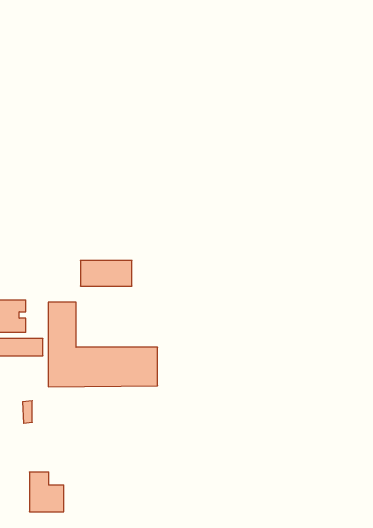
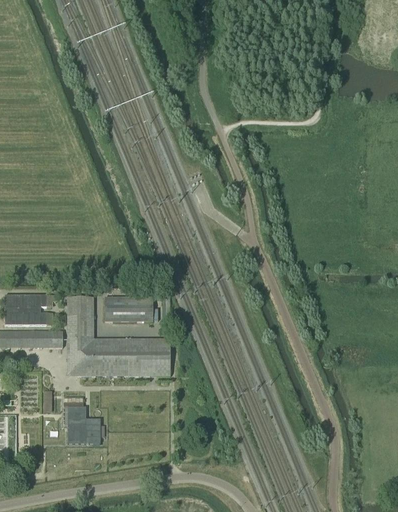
building: [80,260,132,286] -> [105,296,153,320]
building: [29,472,64,512] -> [68,405,100,442]

